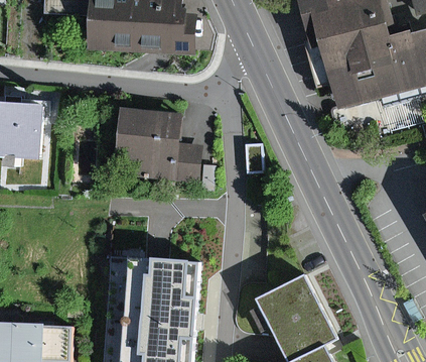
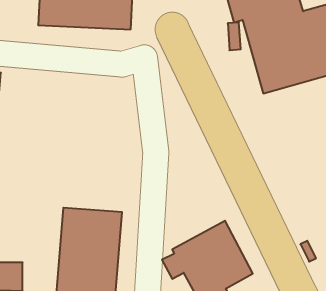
building: [116,106,201,184] -> none

